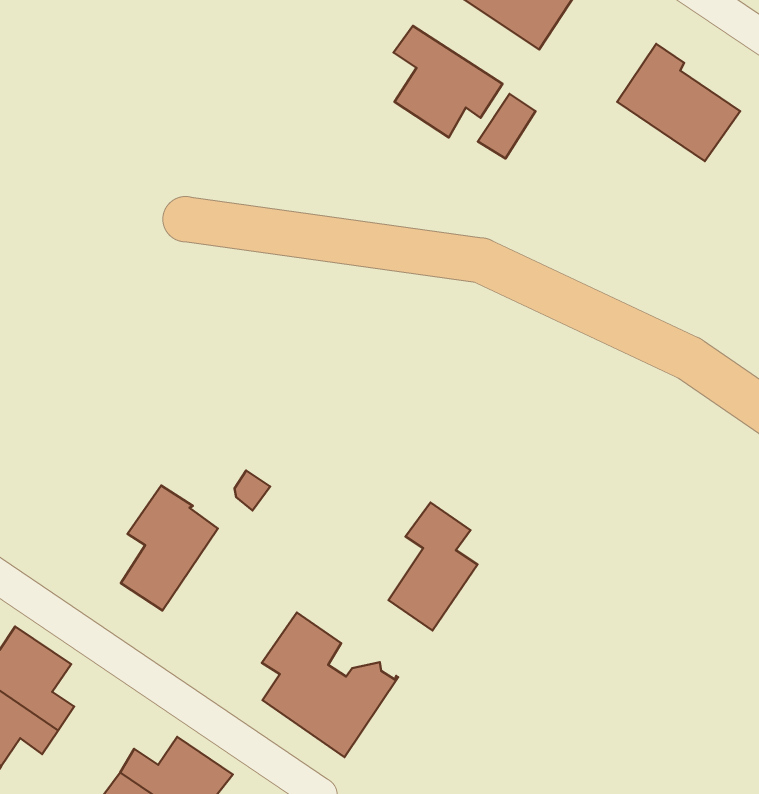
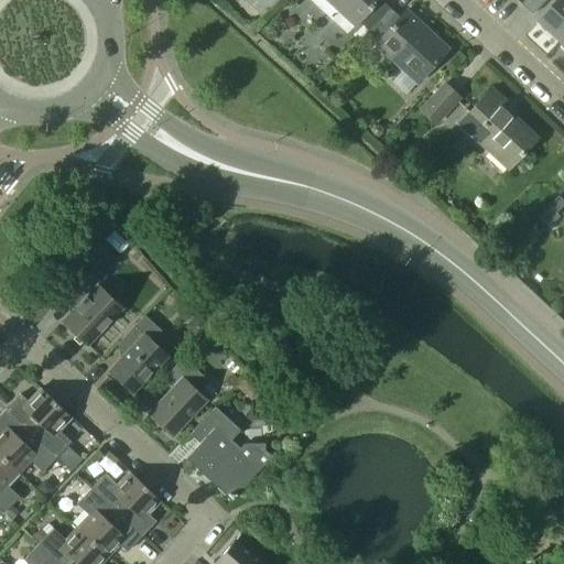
building: [394,26,503,137] -> none
building: [478,94,535,159] -> [422,84,460,123]
building: none -> [63,265,122,345]
building: [388,502,478,631] -> [149,357,207,436]

